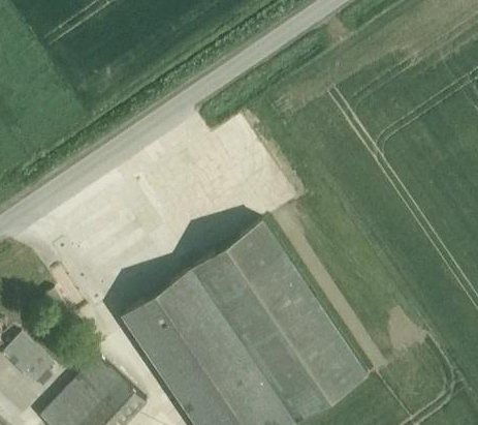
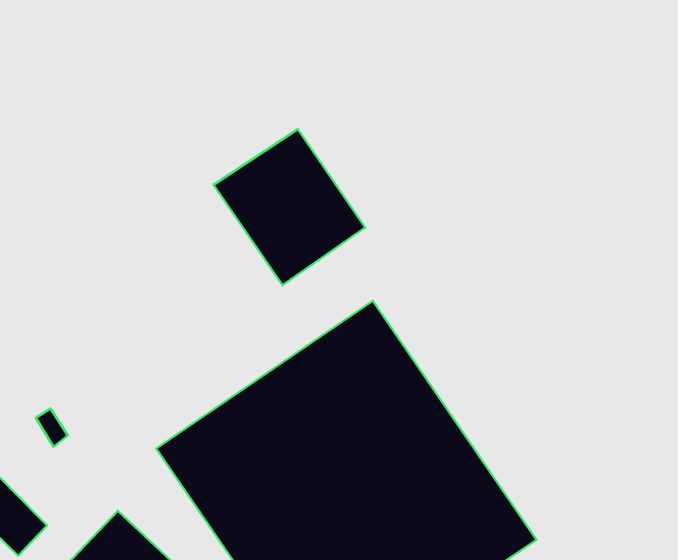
building: none -> [214,129,365,285]

